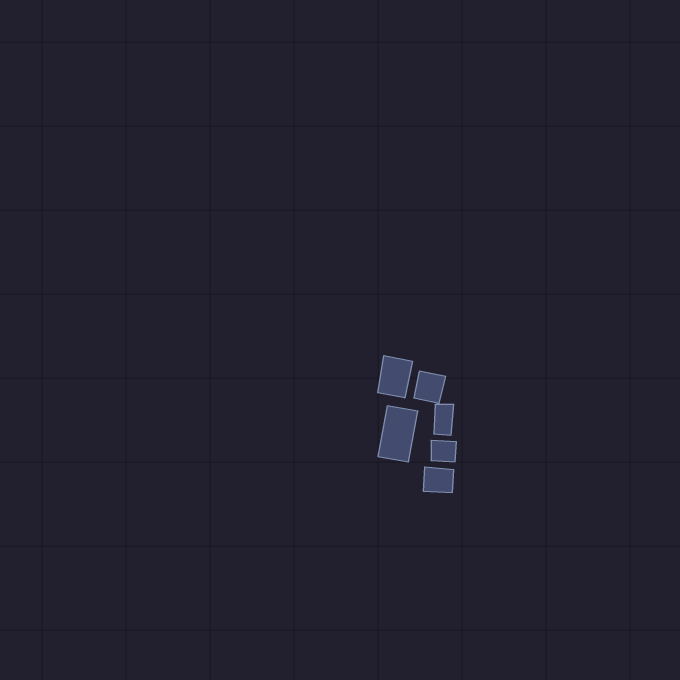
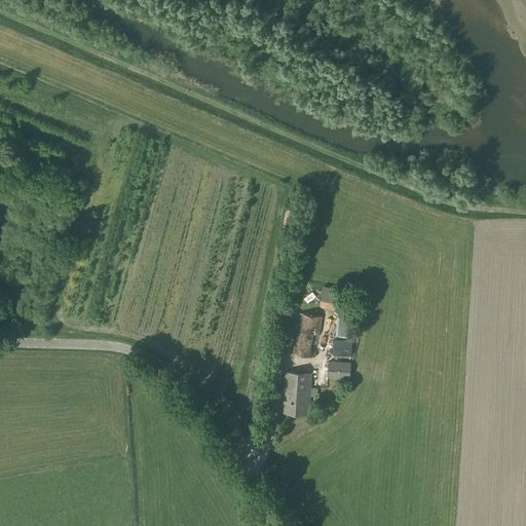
building: [378,356,412,398] -> none
building: none -> [284,372,311,415]

